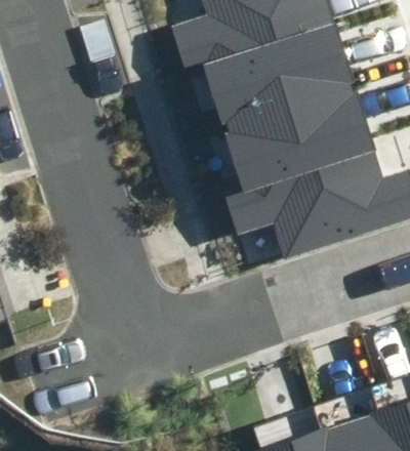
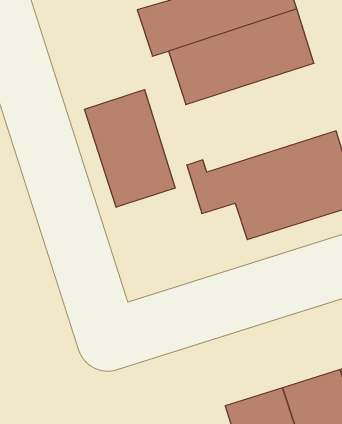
building: [219,81,372,192] -> none
building: none -> [85,90,175,207]

